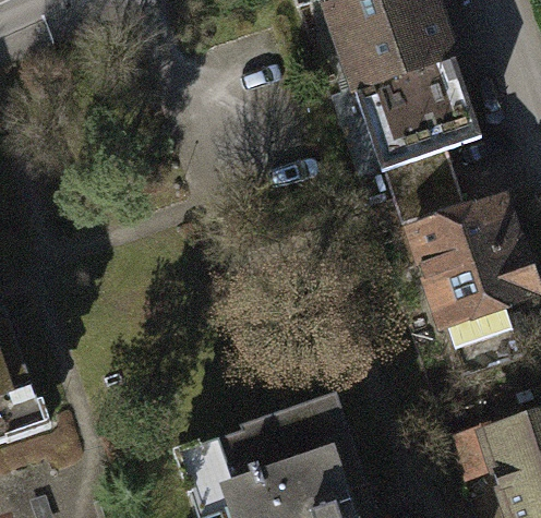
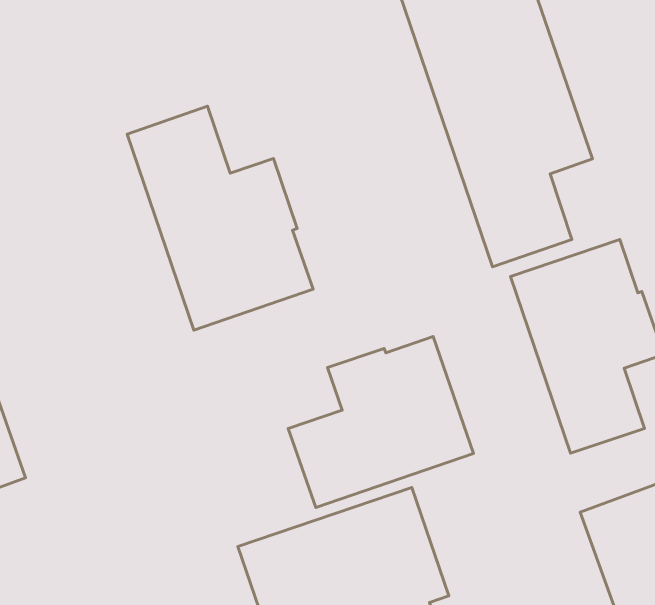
building: none -> [127,106,313,330]
building: none -> [288,336,473,507]

